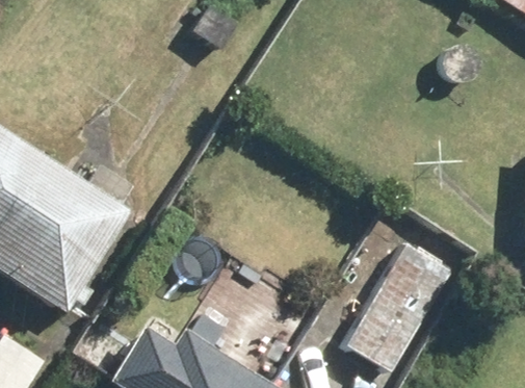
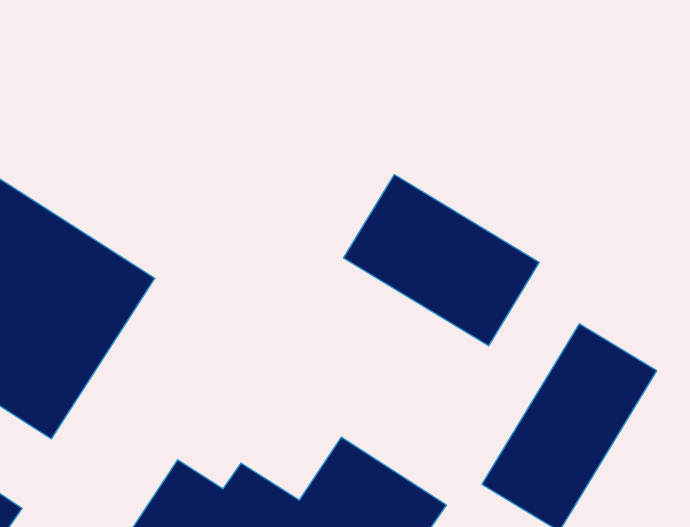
building: none -> [344,175,539,346]

